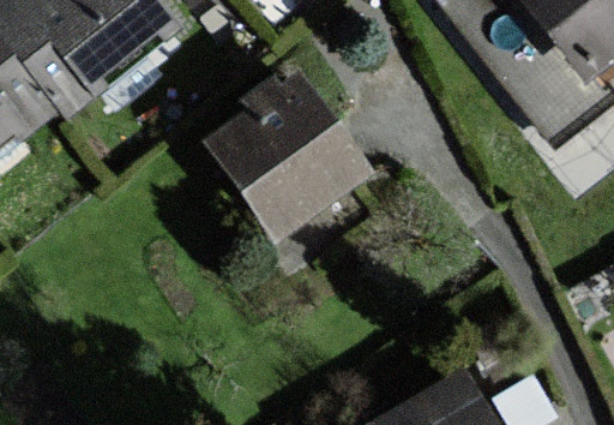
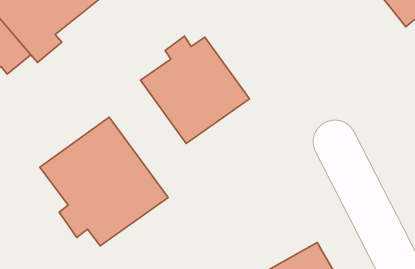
building: none -> [40,117,168,246]

